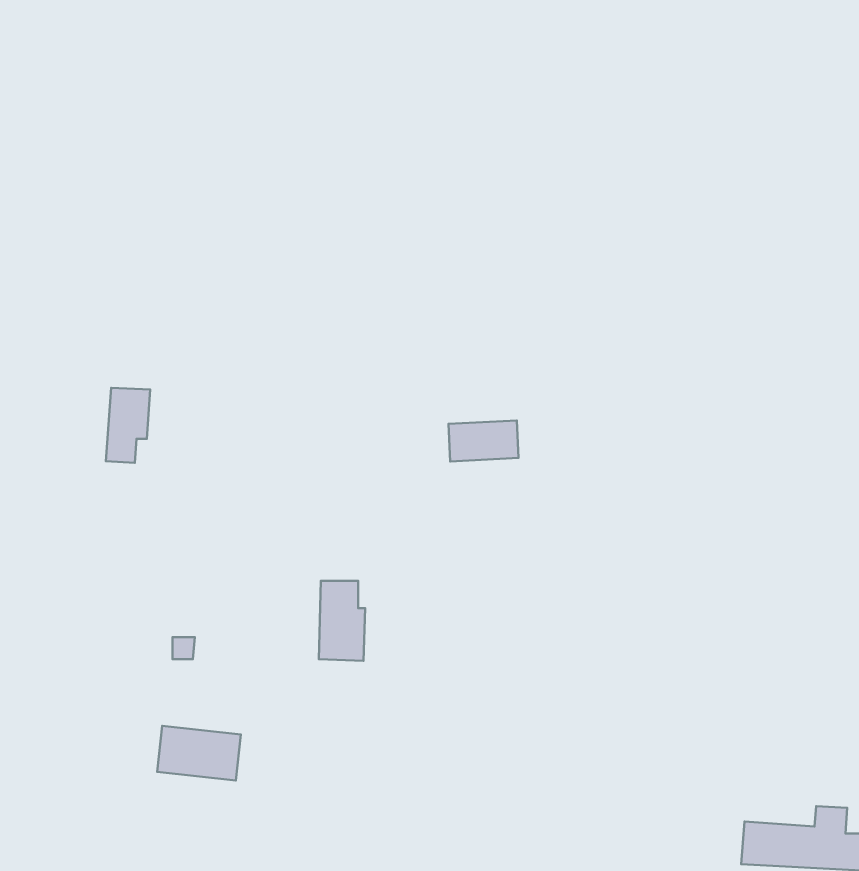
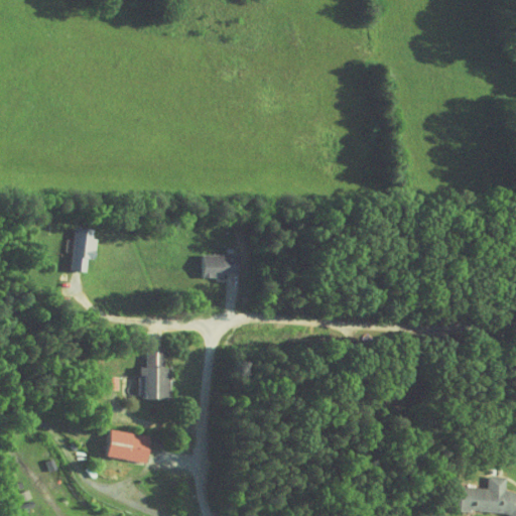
building: [449,420,519,461] -> [199,255,240,279]
building: [319,581,365,661] -> [144,352,171,399]

